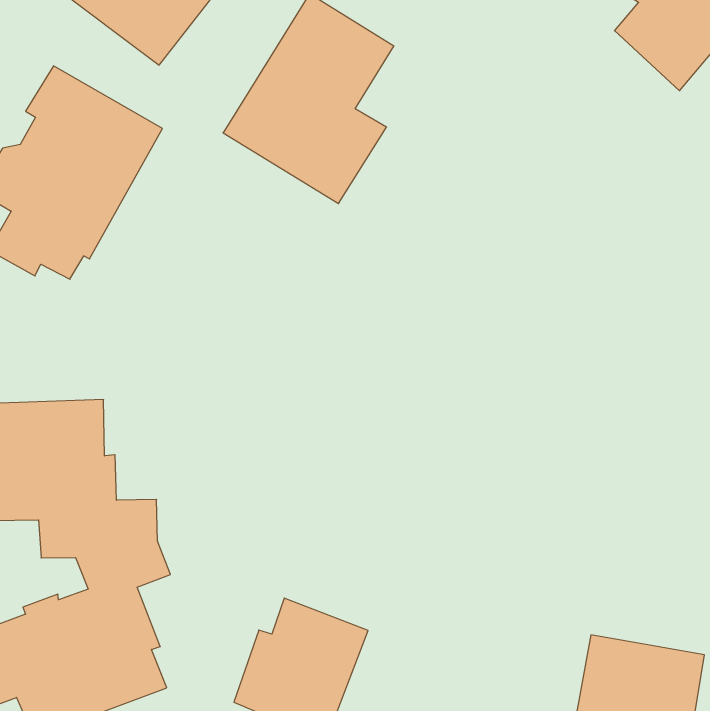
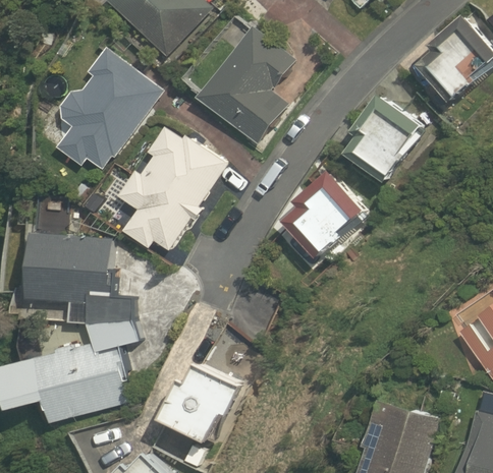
building: none -> [347,93,425,181]
building: none -> [117,126,227,250]
building: none -> [288,168,370,256]

